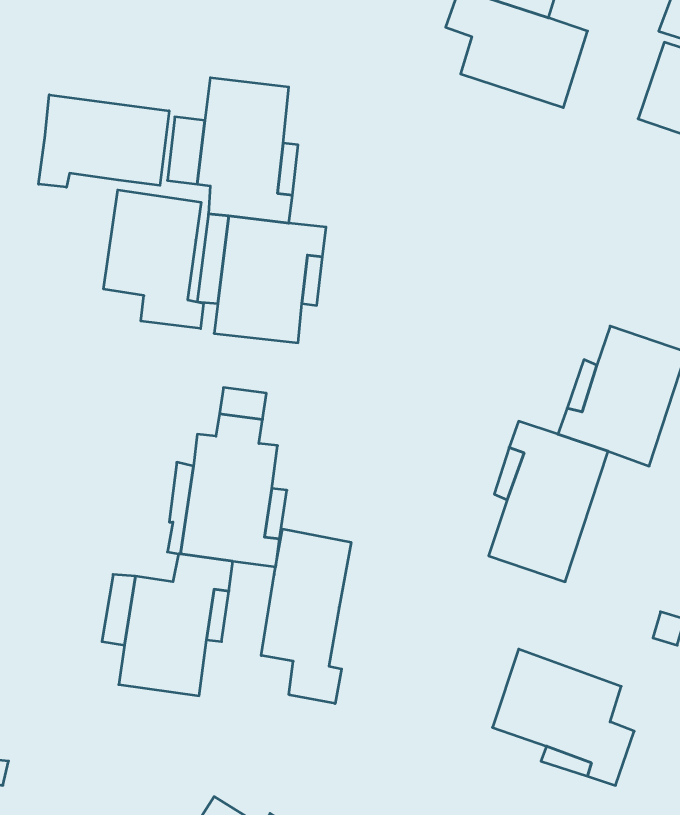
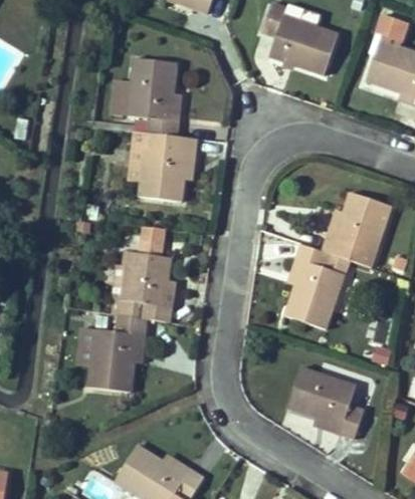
building: [39,95,169,187] -> none
building: [104,190,203,329] -> none
building: [261,529,351,704] -> none

